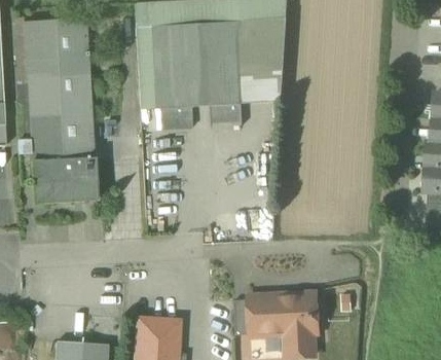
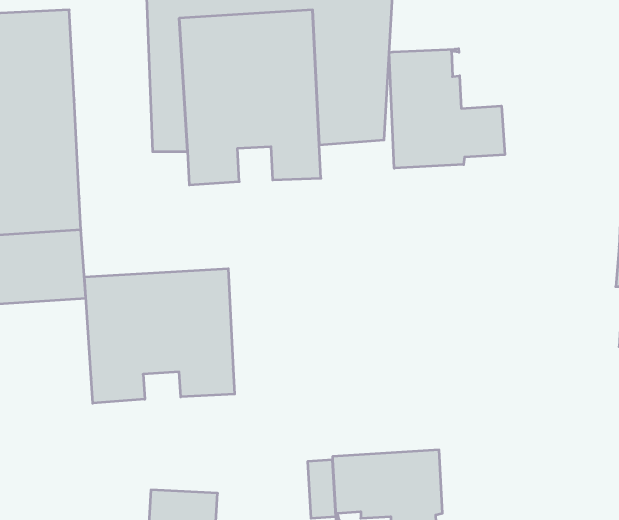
building: none -> [389,49,505,168]
building: none -> [84,269,235,403]

